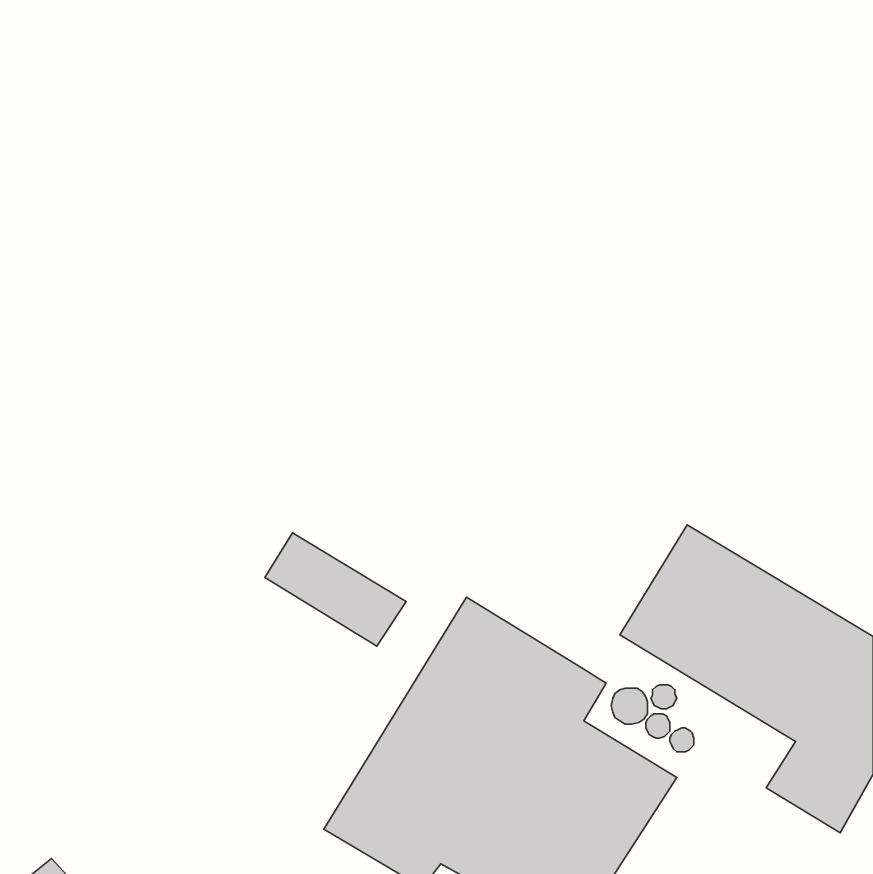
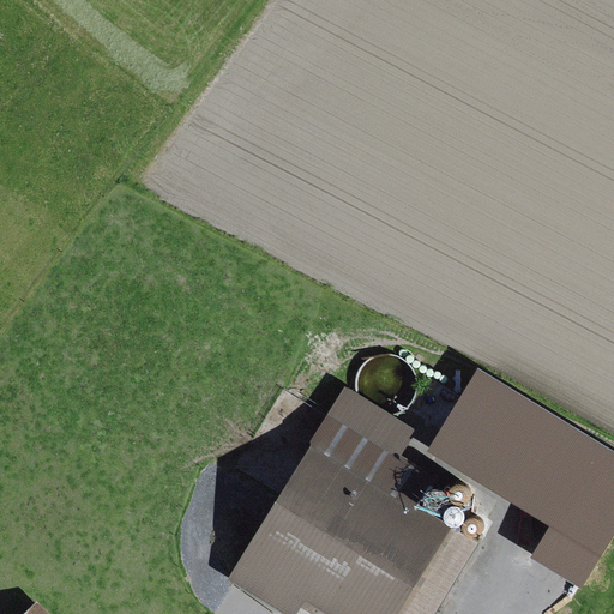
building: [265,533,406,646] -> [325,389,423,468]

